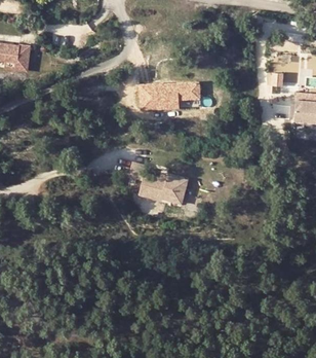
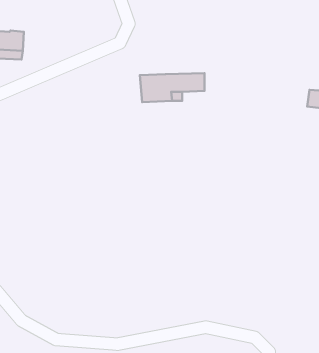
building: [125,163,184,200] -> none

